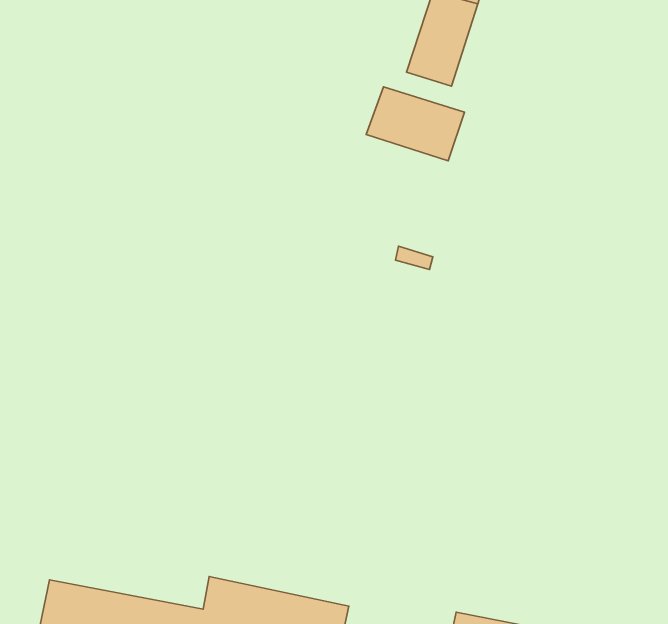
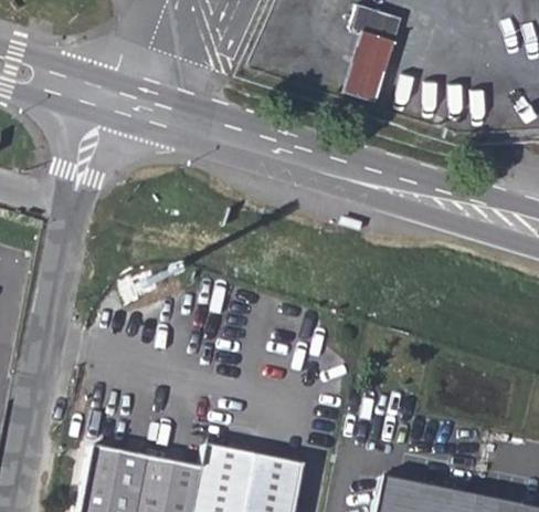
building: [366,87,464,161] -> none

